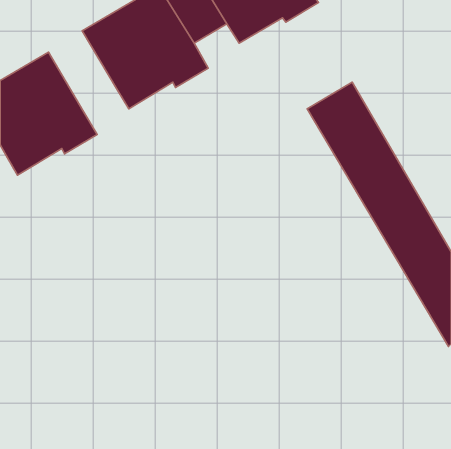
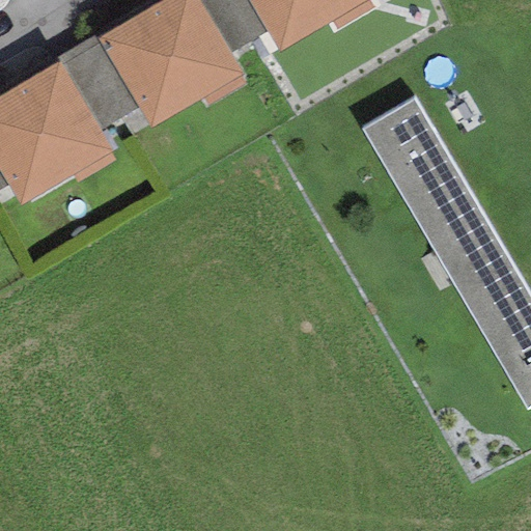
building: none -> [56,32,138,130]

